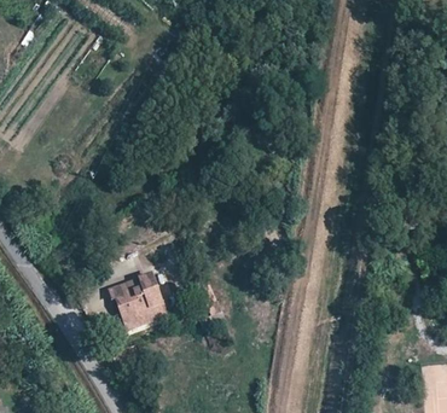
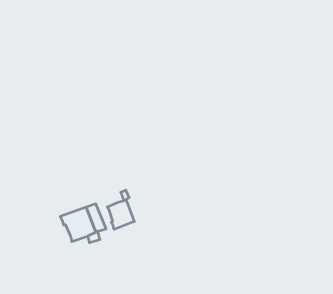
building: none -> [107,200,134,229]

